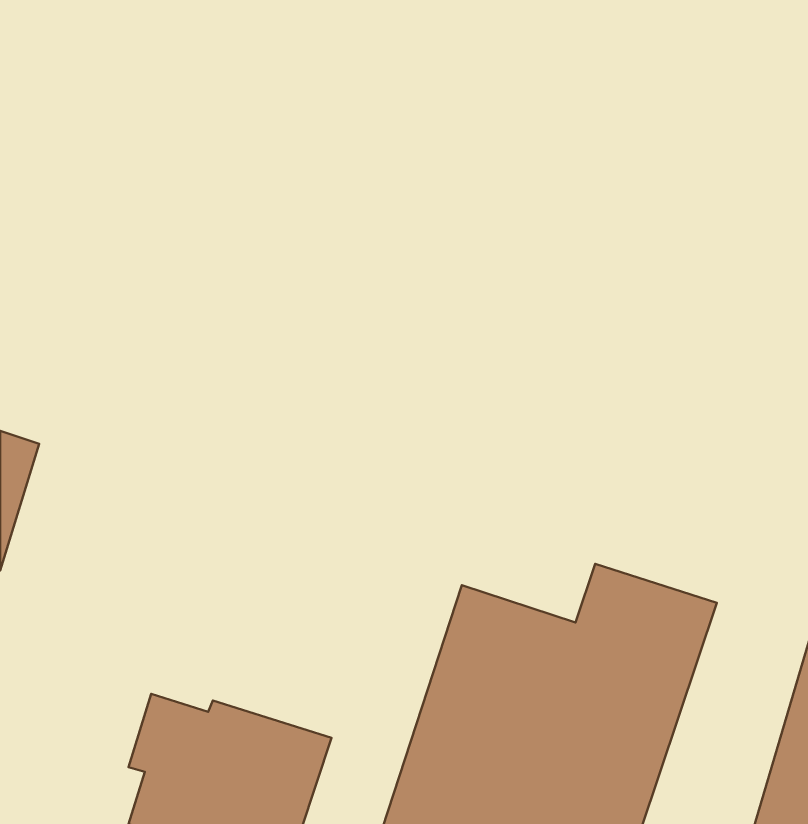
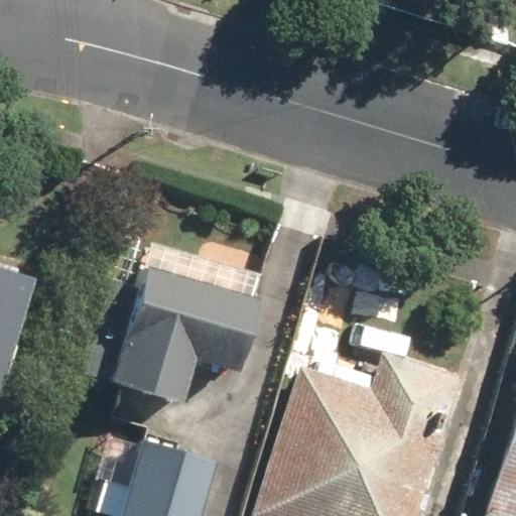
building: none -> [79,265,265,408]

